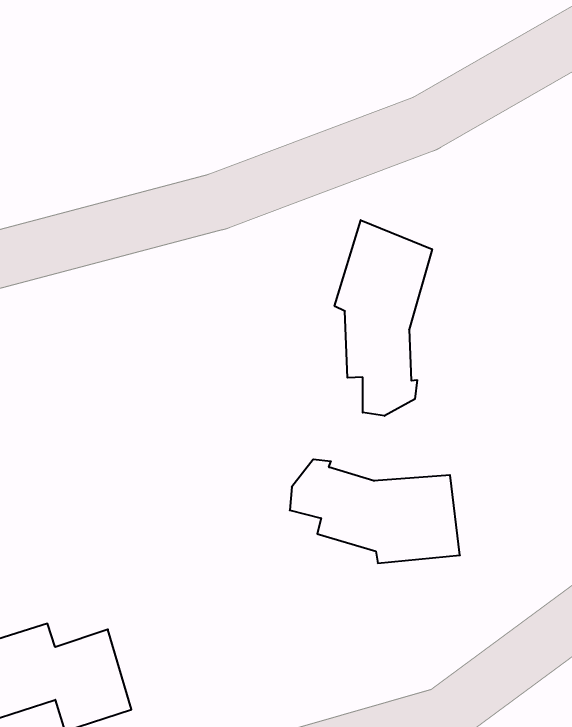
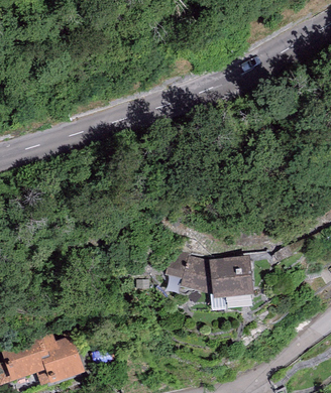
building: [335,220,432,416] -> none

